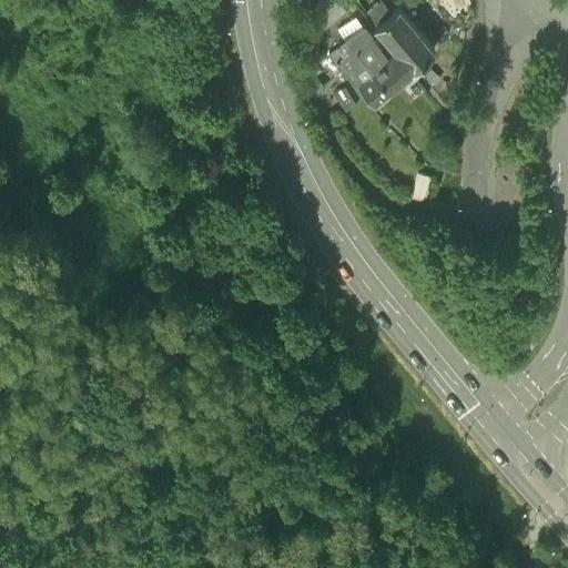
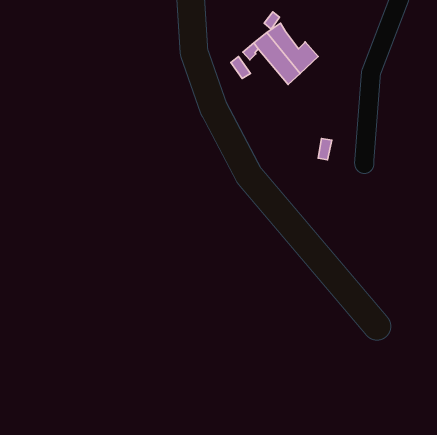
building: [375,11,435,73] -> none

